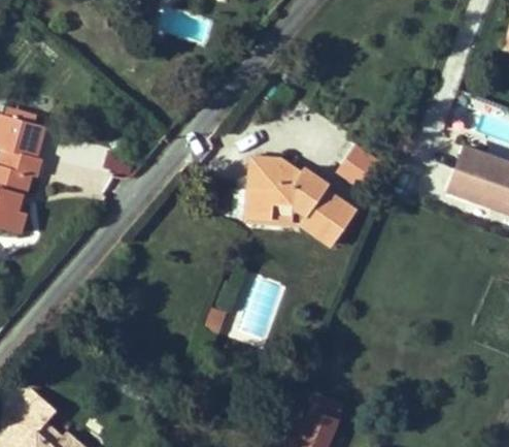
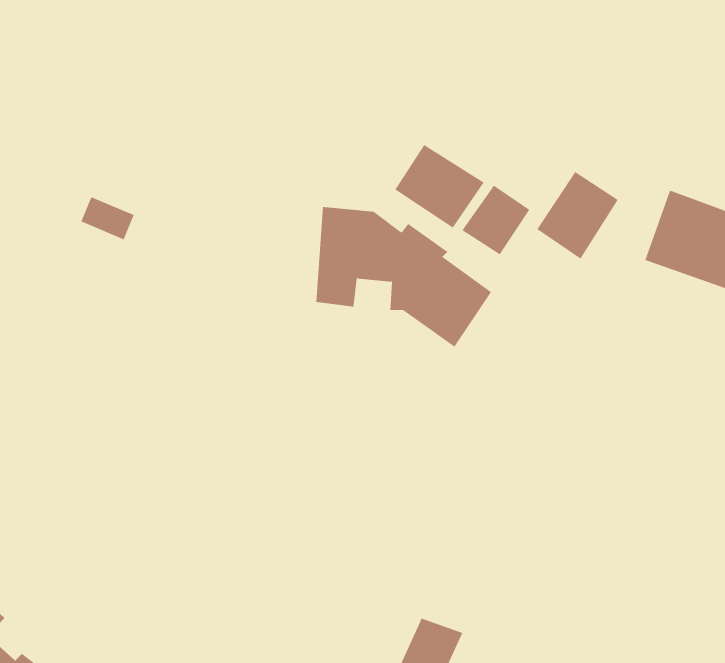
building: none -> [395,144,484,229]
building: none -> [536,171,619,260]

